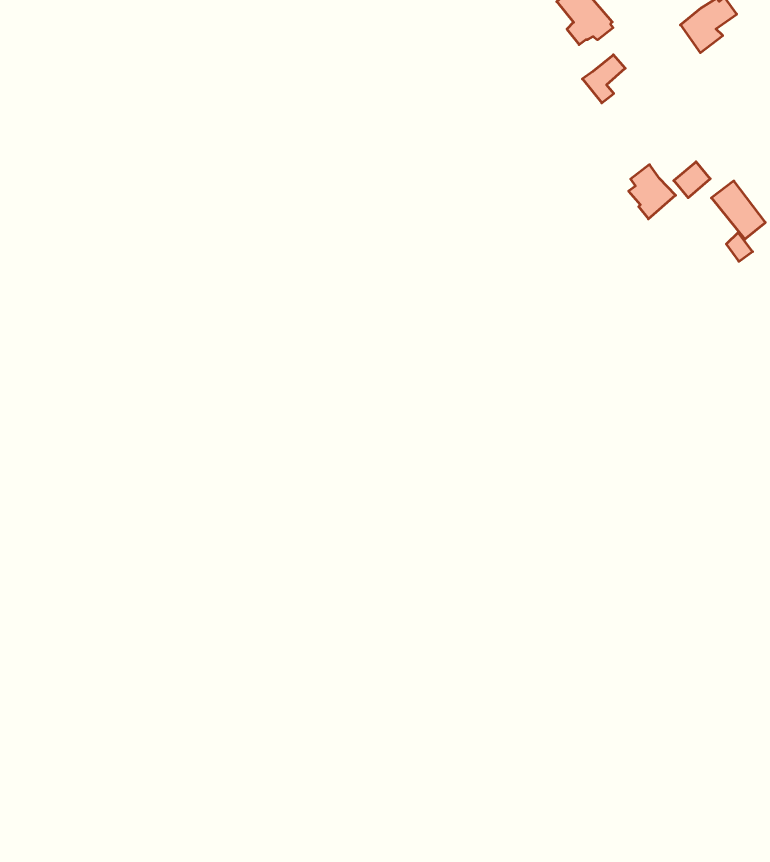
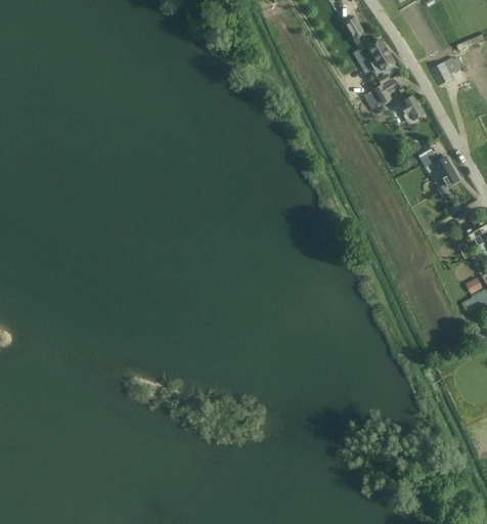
building: [629,165,676,219] -> [399,95,424,124]

